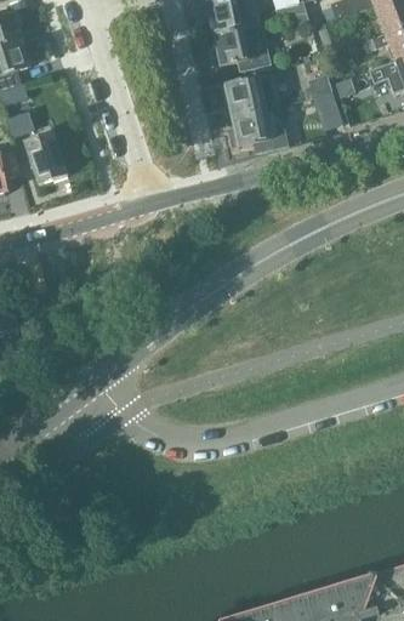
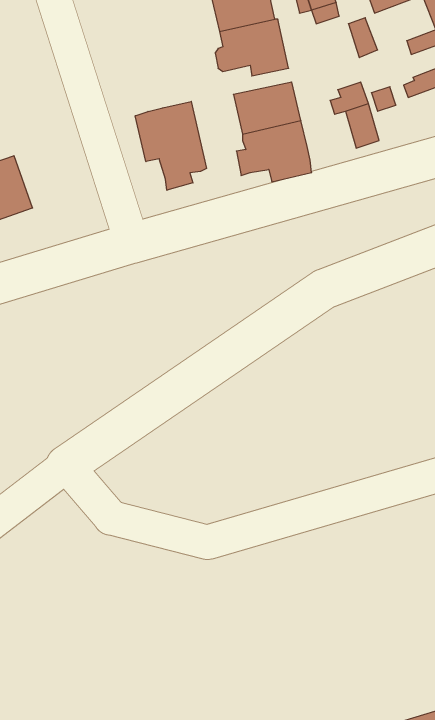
building: none -> [135,101,206,190]

